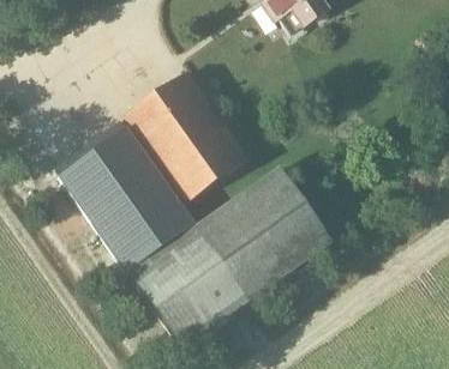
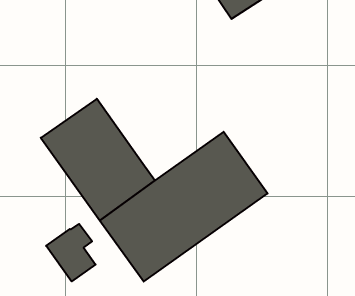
building: [120,69,249,205] -> none
building: none -> [46,224,96,281]

